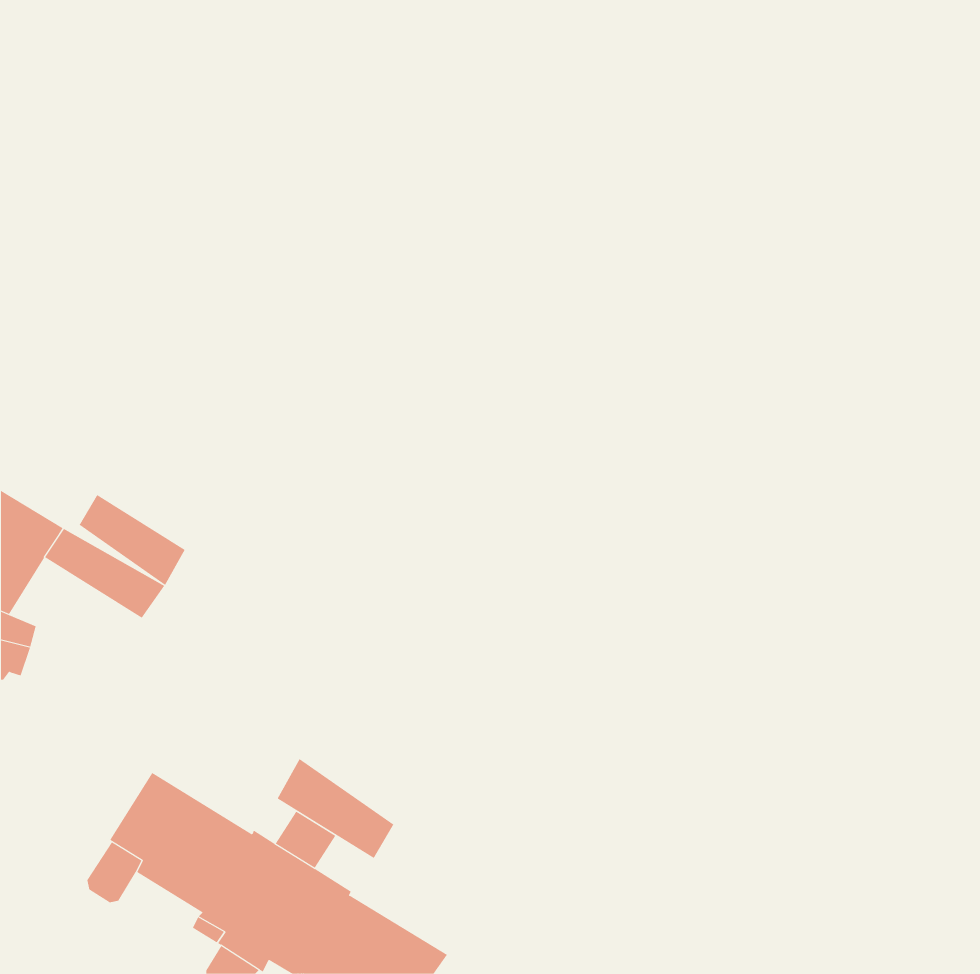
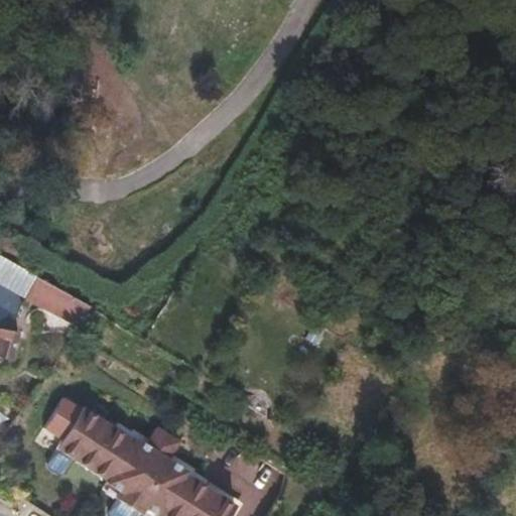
building: [79,494,186,586] -> none
building: [277,758,394,859] -> none

